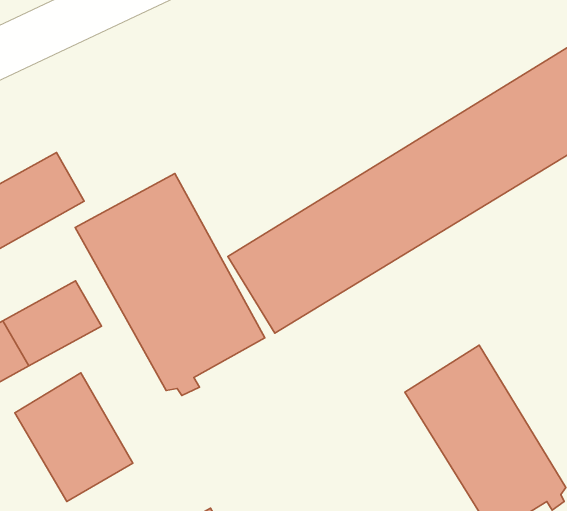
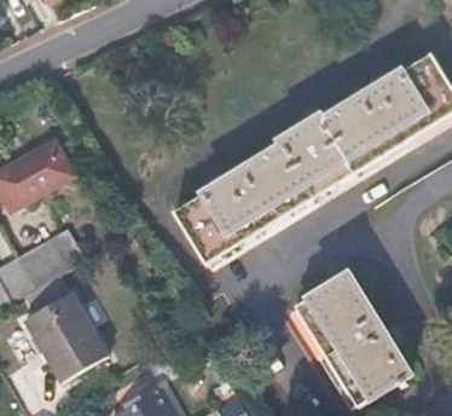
building: [75,173,265,396] -> none

